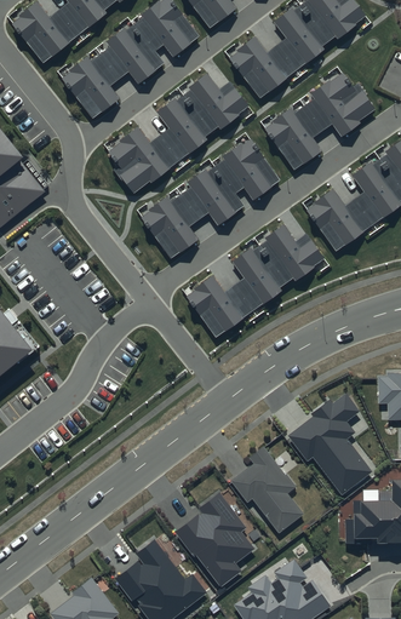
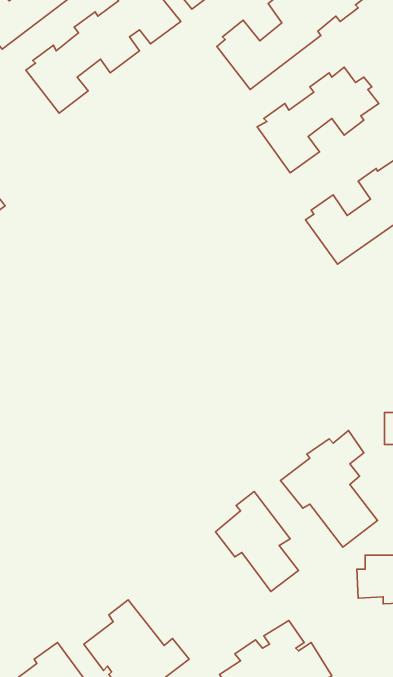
building: [111,74,247,193] -> none
building: [144,142,279,257] -> none
building: [189,227,321,334] -> none
building: [174,493,254,586] -> none

